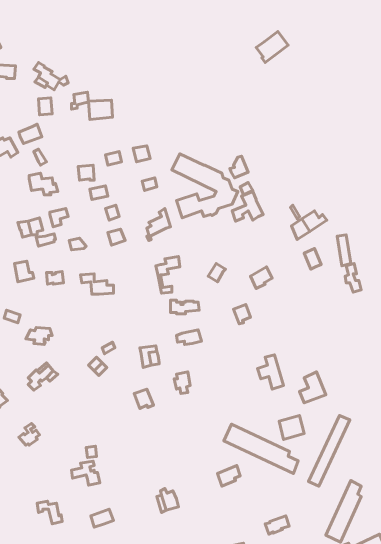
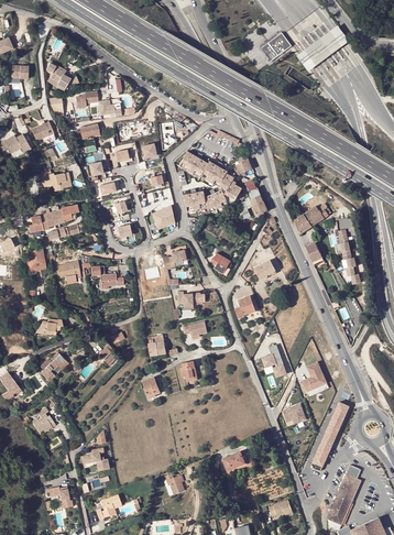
building: [224,424,298,473] -> none

